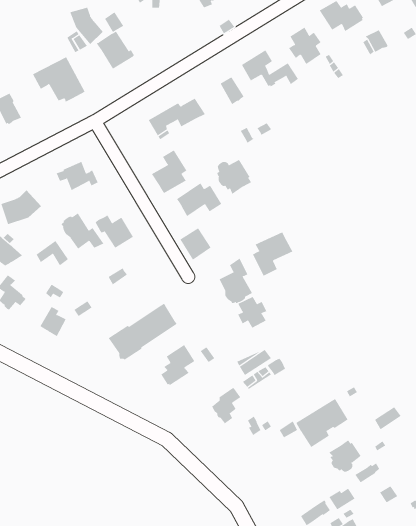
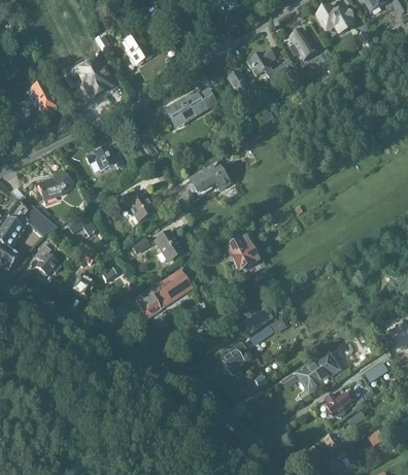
building: [70,7,103,45] -> none
building: [151,149,187,194] -> none
building: [217,159,252,195] -> none
building: [61,213,104,249] -> none
building: [179,228,211,261] -> [156,231,183,260]
building: [252,231,293,276] -> none
building: [237,296,267,329] -> none
building: [160,344,195,386] -> none

